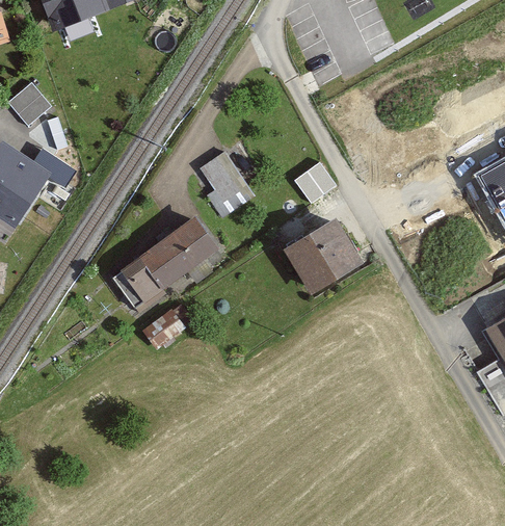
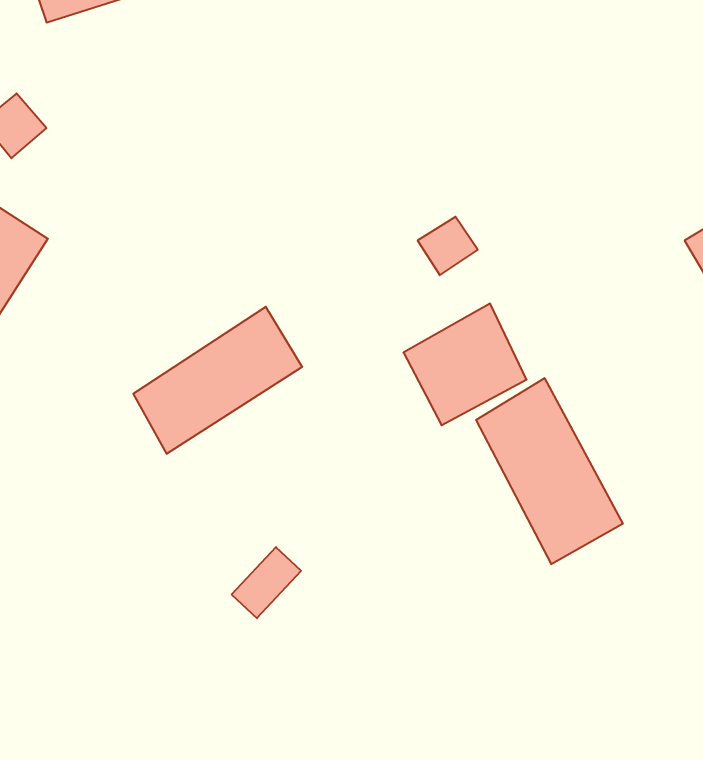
building: [203,149,249,208] -> none
building: none -> [476,378,623,564]
building: [147,298,192,345] -> [232,547,301,618]

